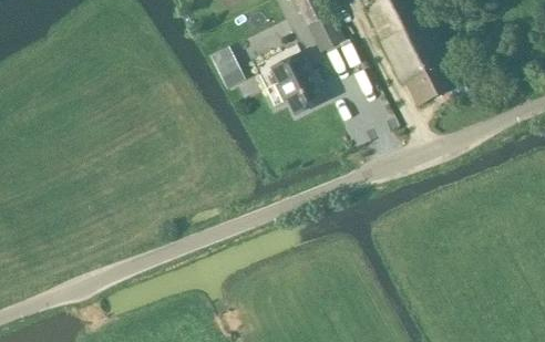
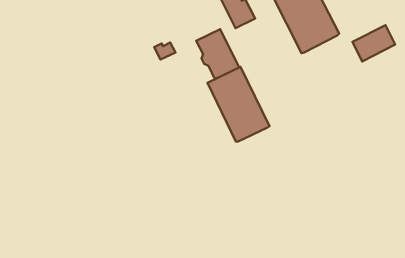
building: [404,60,457,105] -> [352,25,395,62]
building: none -> [207,67,270,142]

